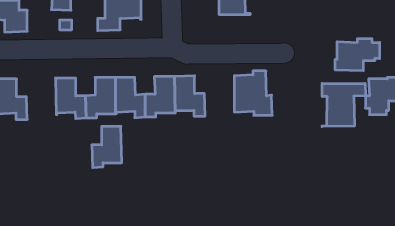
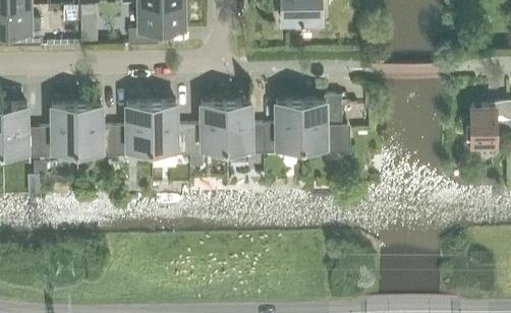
building: [335,39,380,71] -> none
building: none -> [264,102,301,152]
building: [322,83,365,127] -> none
building: [92,126,122,168] -> [40,105,77,156]

